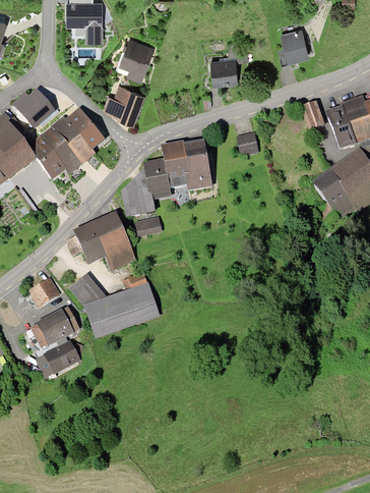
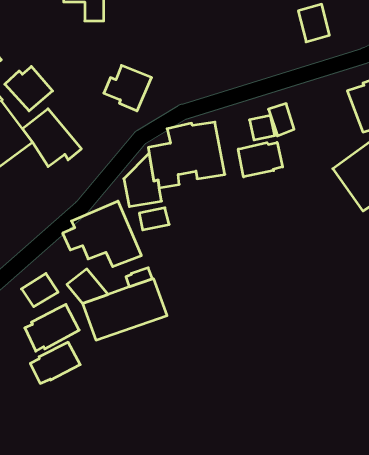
building: [119,41,155,84] -> none
building: [210,60,238,89] -> none
building: [301,100,324,129] -> [268,104,294,136]
building: [52,108,105,164] -> none
building: none -> [238,142,283,177]

